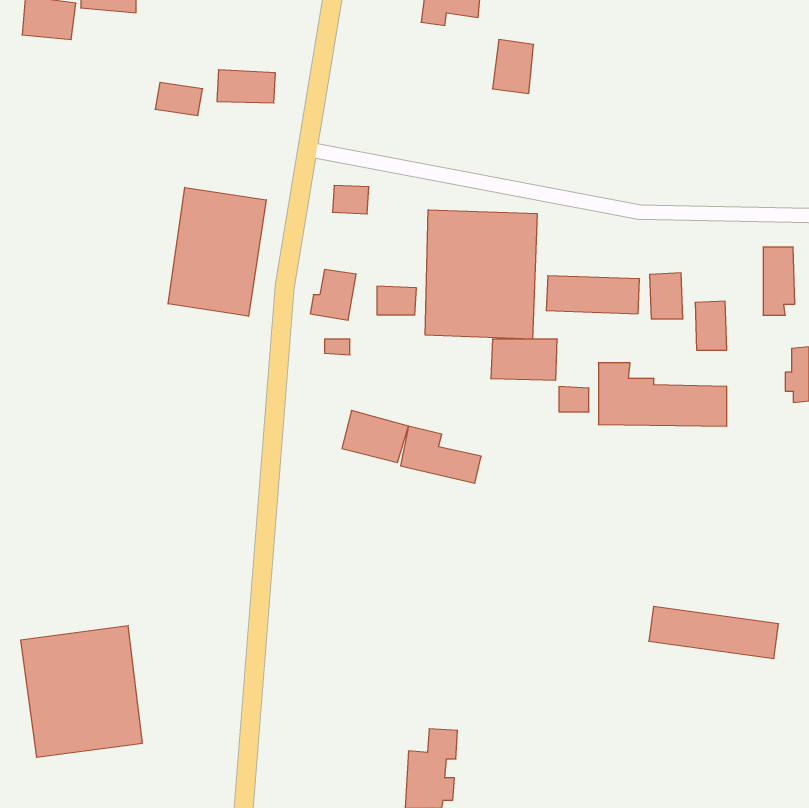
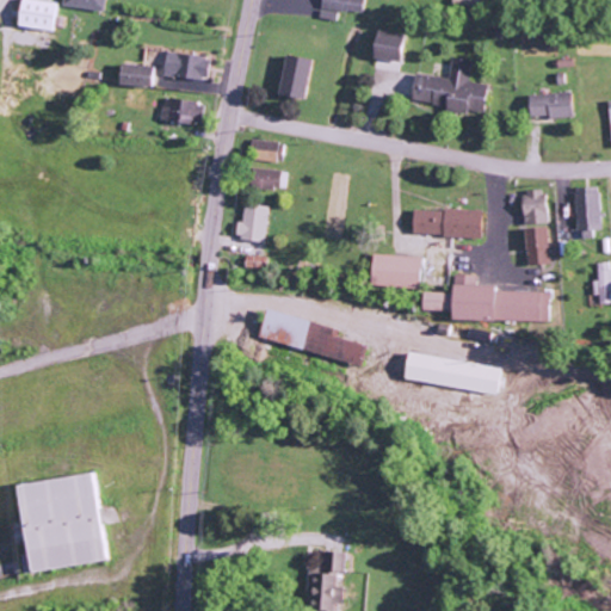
building: none -> [278,55,309,98]
building: none -> [411,57,488,112]
building: none -> [529,92,572,117]
building: none -> [159,97,202,125]
building: [168,187,266,316] -> none
building: [425,210,537,339] -> none
building: [650,273,683,319] -> [521,189,547,223]
building: [377,286,416,315] -> [251,167,280,189]
building: [649,606,779,659] -> [402,353,500,393]

